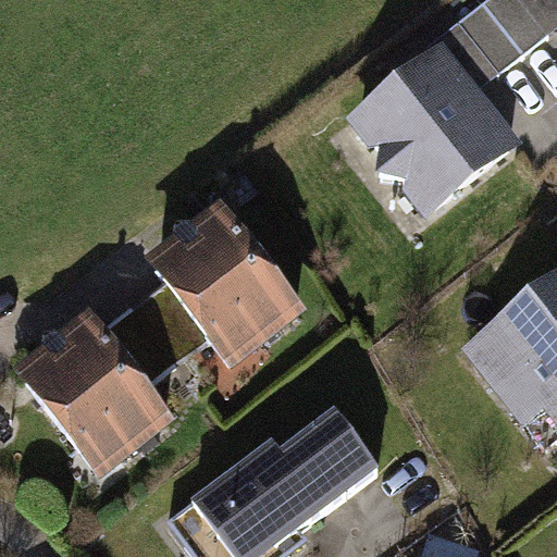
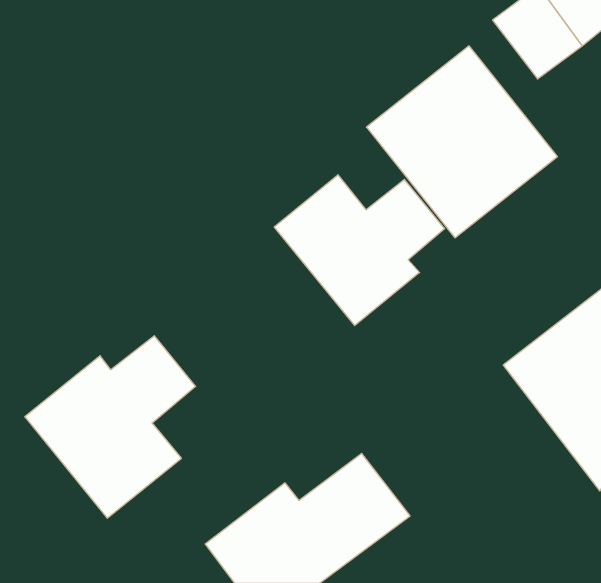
building: none -> [274,175,445,326]
building: [144,221,302,362] -> none

